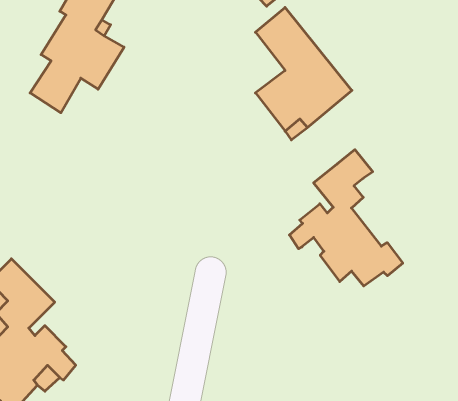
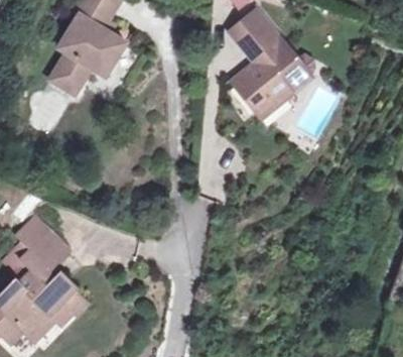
building: [289,150,403,286] -> none

